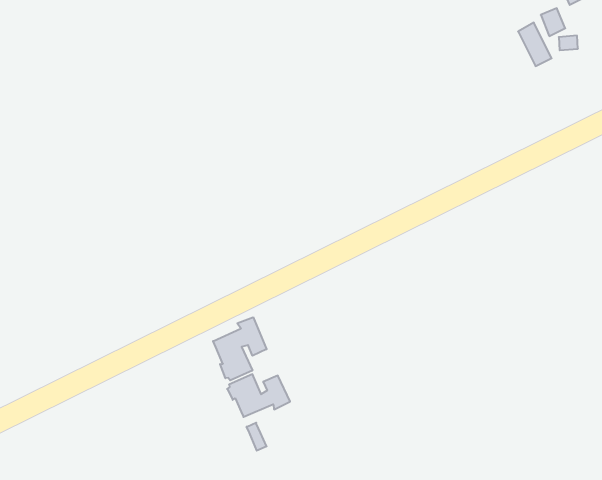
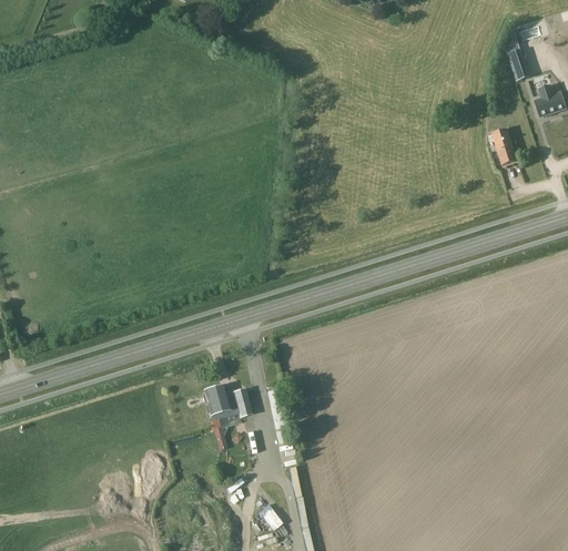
building: [213,317,267,380] -> none

